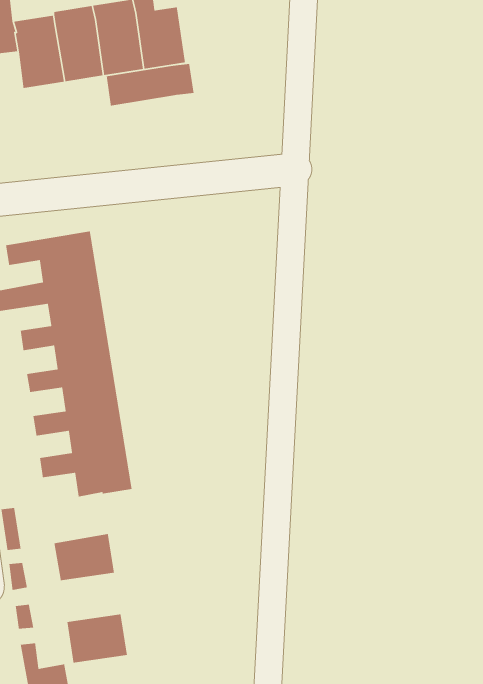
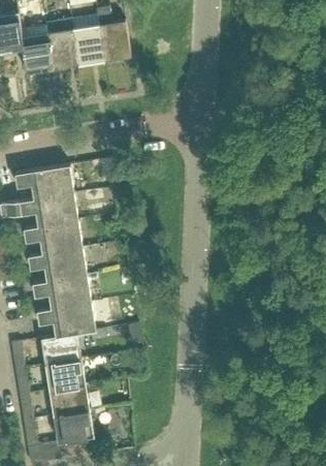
building: [106,63,194,106] -> none
building: none -> [40,333,79,365]
building: none -> [48,384,88,415]

